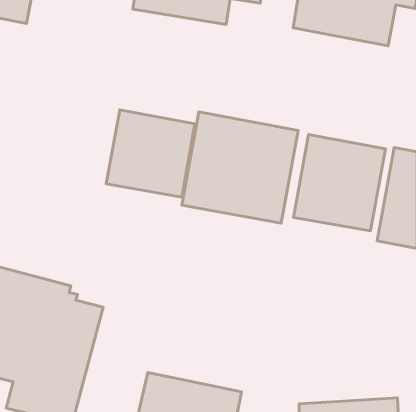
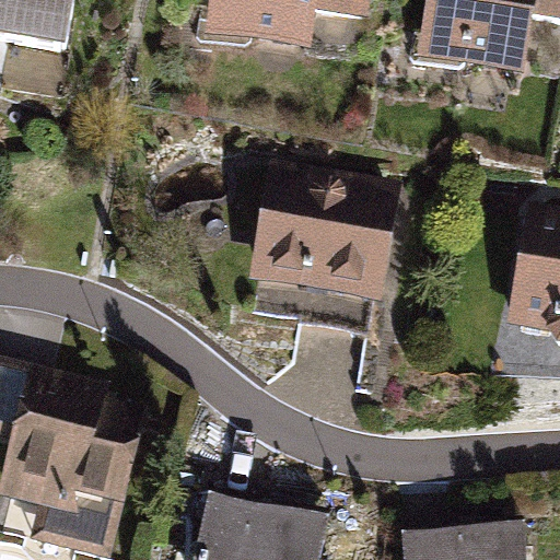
building: [106,110,195,197] -> none
building: [294,135,385,231] -> none

